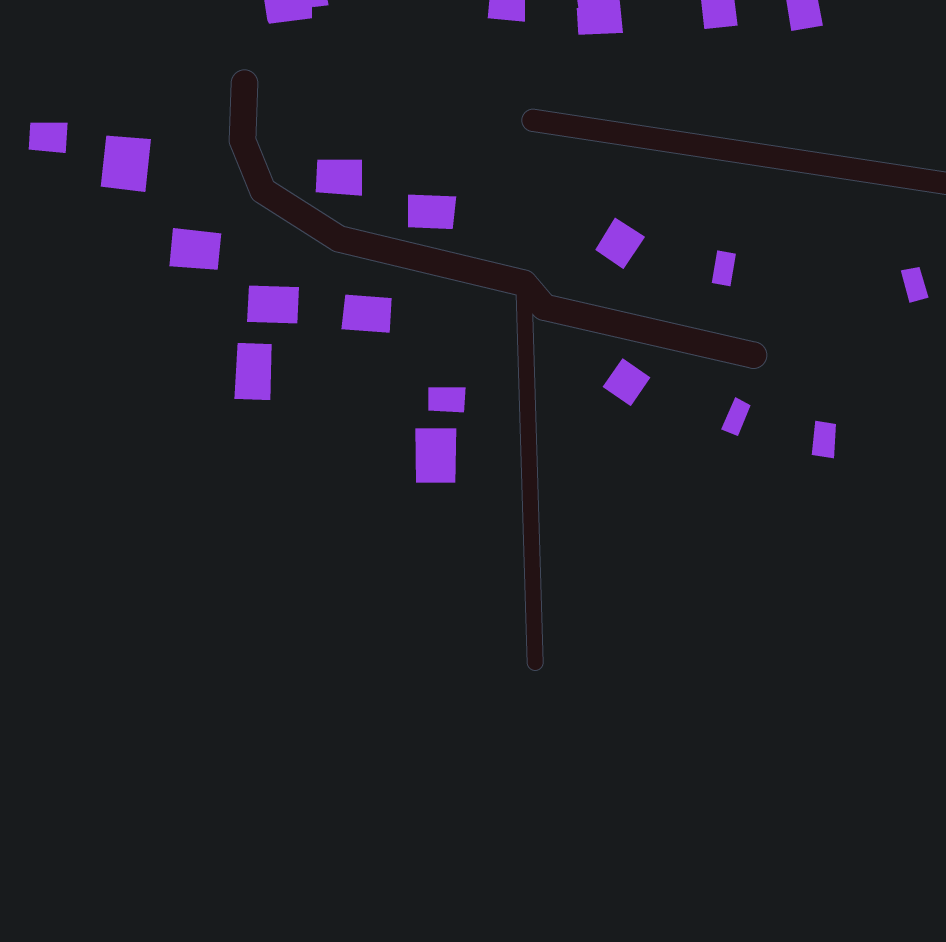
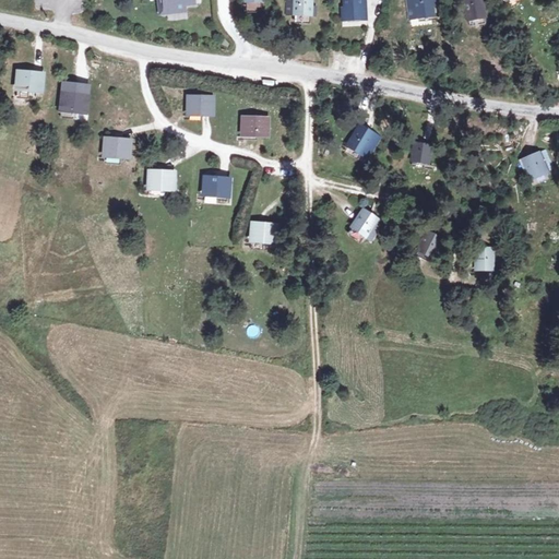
building: [234,342,272,401] -> none
building: [415,427,457,484] -> none

